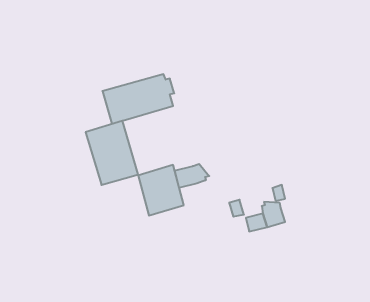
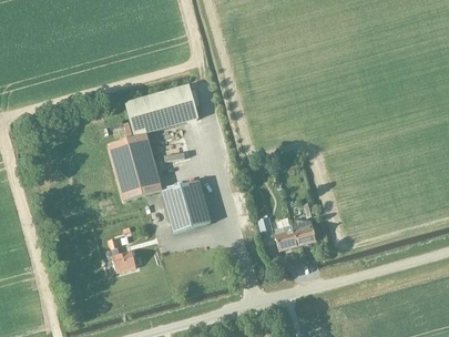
building: [175,164,209,188] -> none
building: none -> [108,237,135,272]

